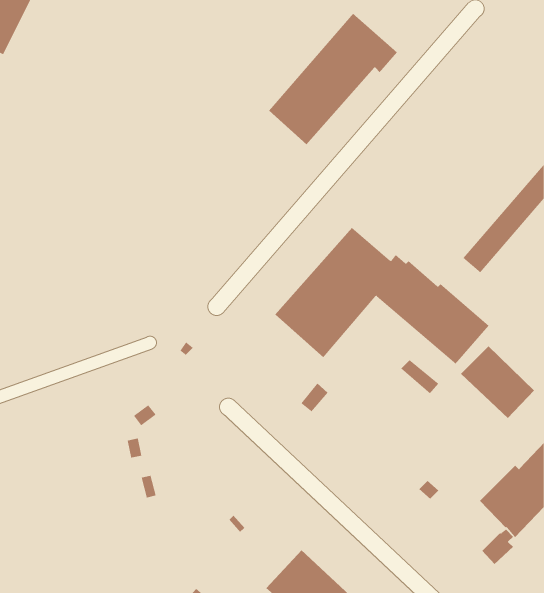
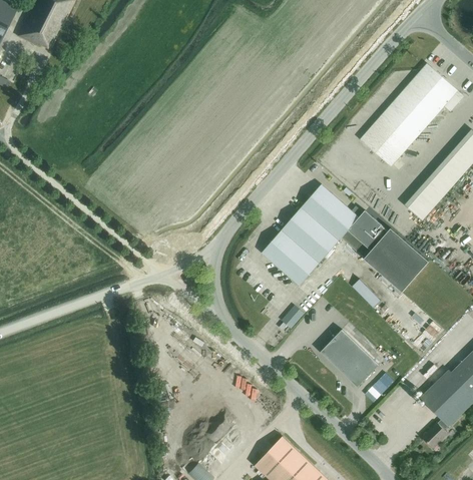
building: [268,13,398,145] -> [361,62,462,165]
building: [460,346,535,419] -> [321,329,379,386]

